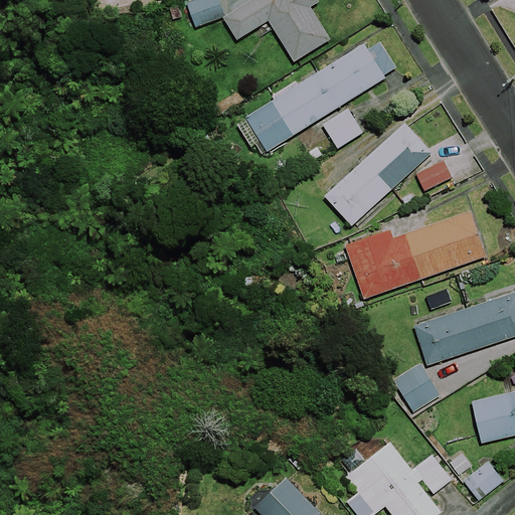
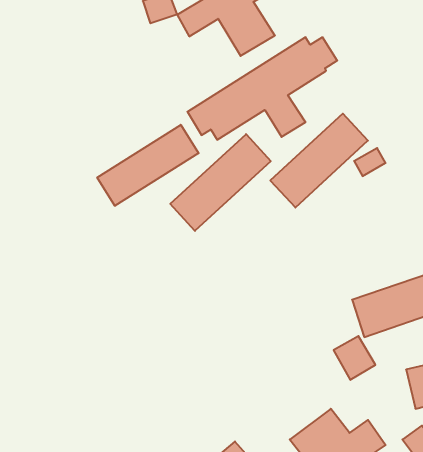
building: none -> [97,125,199,206]
building: none -> [170,134,271,231]
building: [346,211,485,298] -> none

